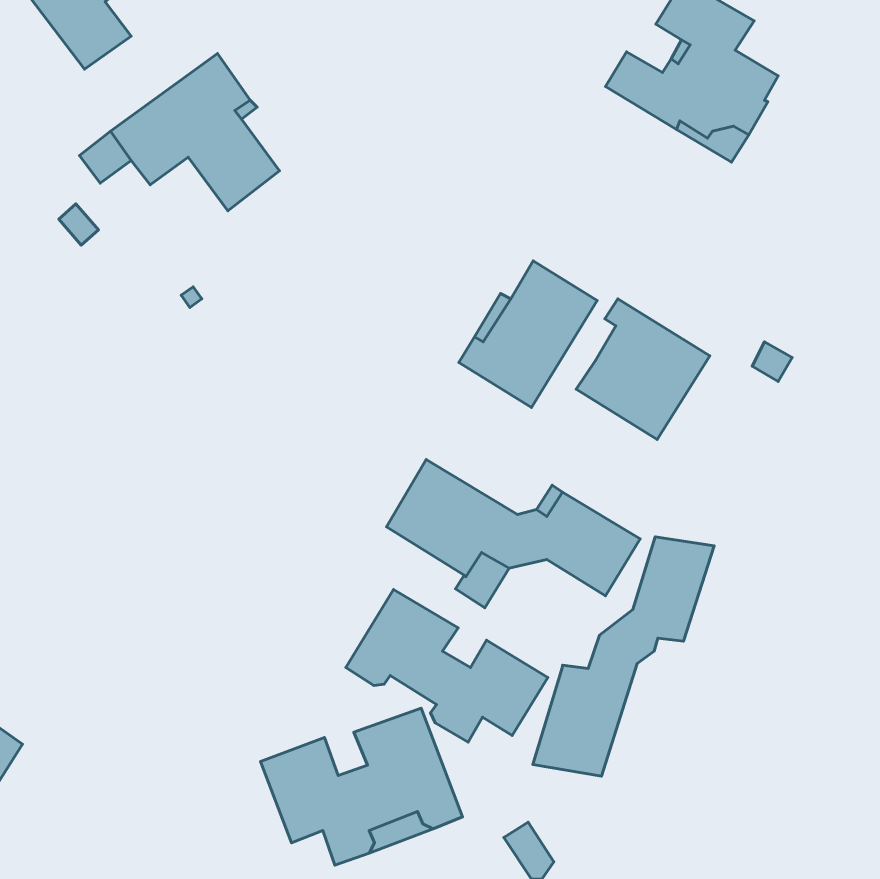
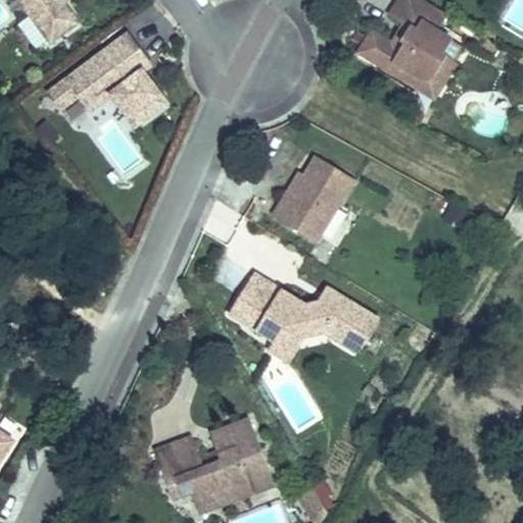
building: [576,299,710,439] -> none
building: [533,537,714,776] -> none
building: [346,590,548,742] -> none

